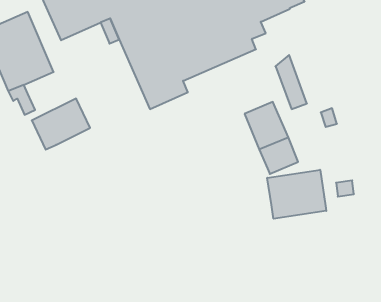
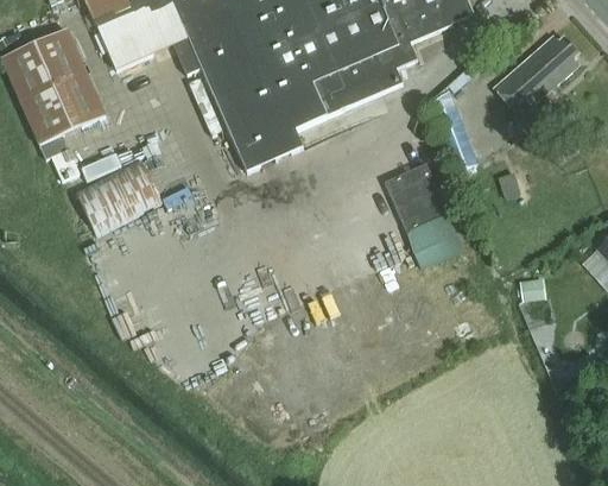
building: none -> [496,32,581,113]
building: [267,170,326,219] -> none

